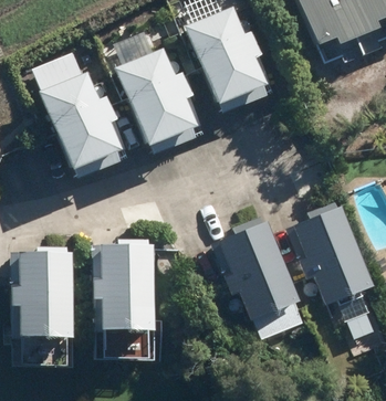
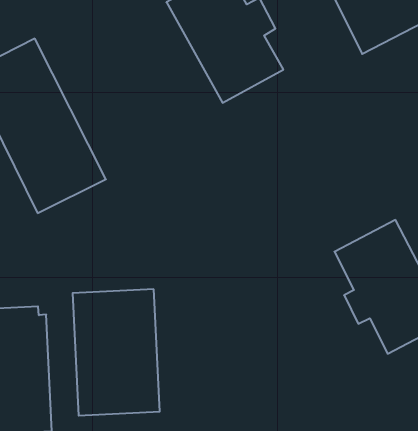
building: [112,48,196,155] -> none
building: [217,218,300,321] -> none

